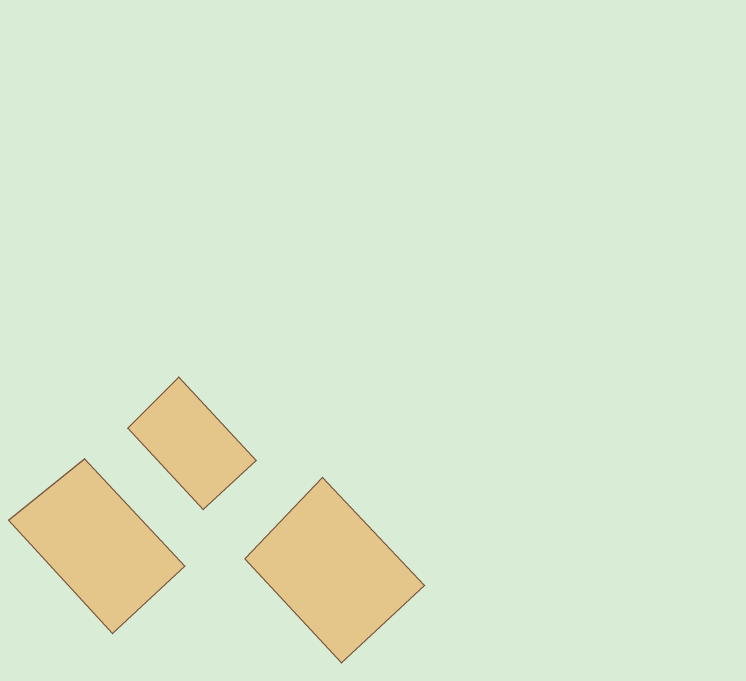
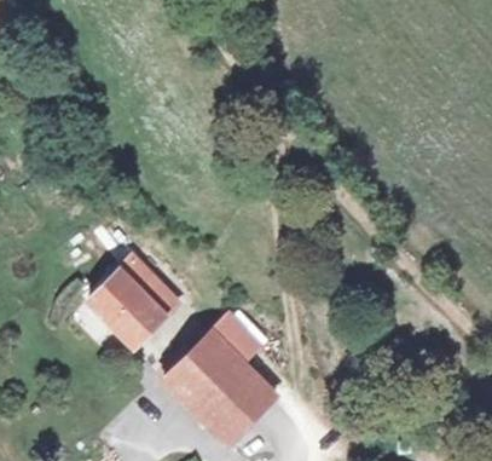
building: [9,459,185,634] -> none

